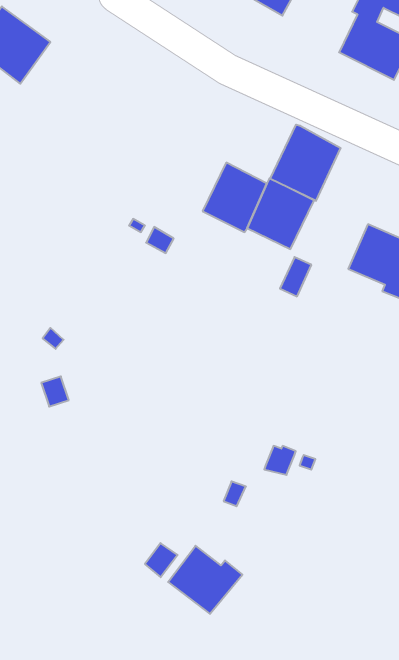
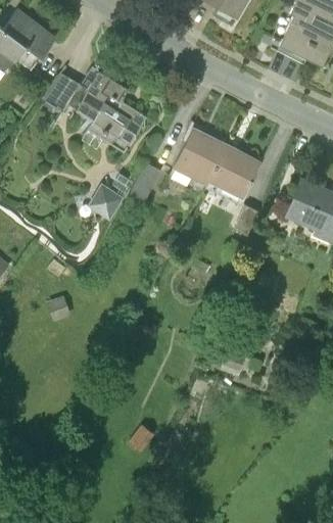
building: none -> [42,70,146,151]
building: [270,125,341,201] -> none
building: none -> [91,180,126,213]
building: [168,546,242,614] -> none

